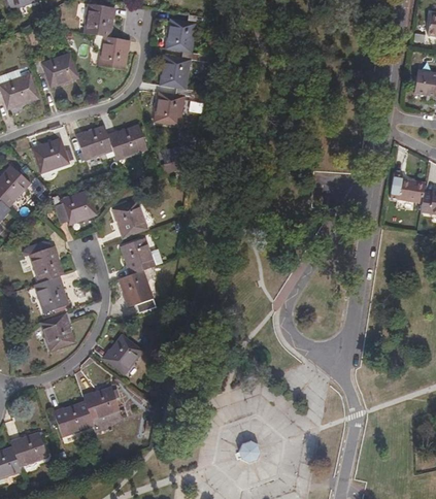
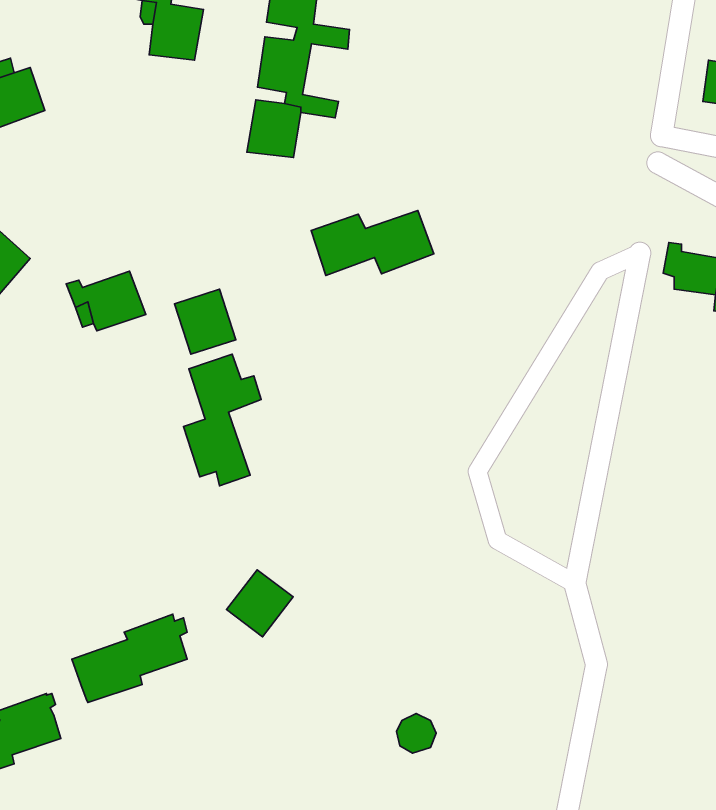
building: [33,54,78,88] -> none
building: [76,124,146,161] -> [311,211,434,276]
building: [32,137,69,172] -> none
building: [28,246,68,312] -> none
building: [40,313,73,351] -> none
building: [104,335,142,373] -> [226,570,293,637]

